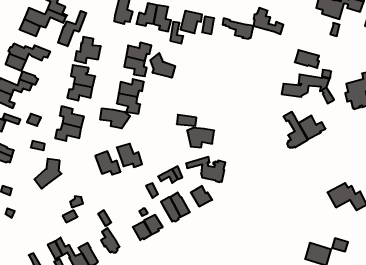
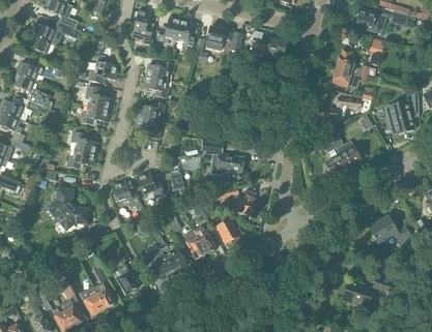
building: [254,8,283,34] -> [337,49,370,78]
building: [58,11,86,46] -> none
building: [150,53,175,78] -> none
building: [100,108,130,128] -> none
building: none -> [58,205,88,229]

